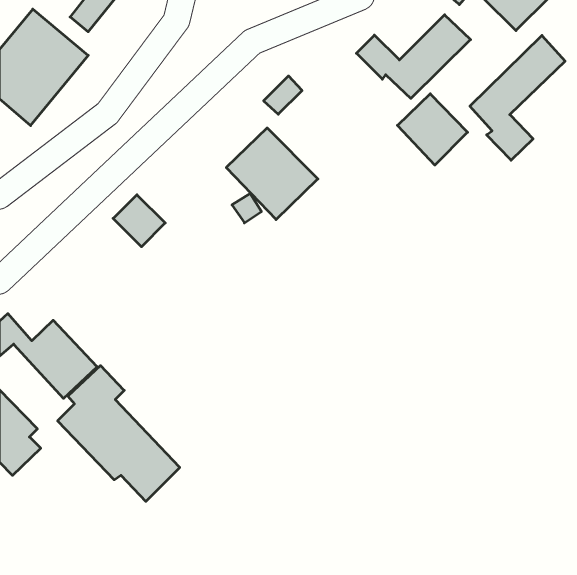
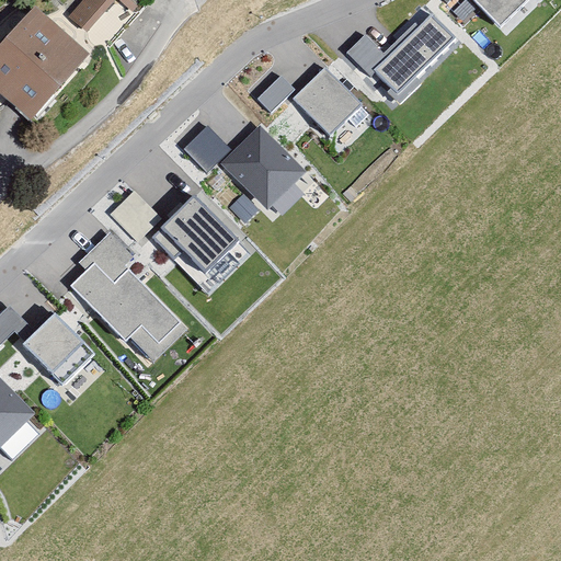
building: [470,35,565,160] -> none
building: [397,94,468,165] -> [293,67,360,136]
building: none -> [183,125,230,172]
building: none -> [151,195,239,276]
building: [58,366,180,501] -> [68,232,186,364]

